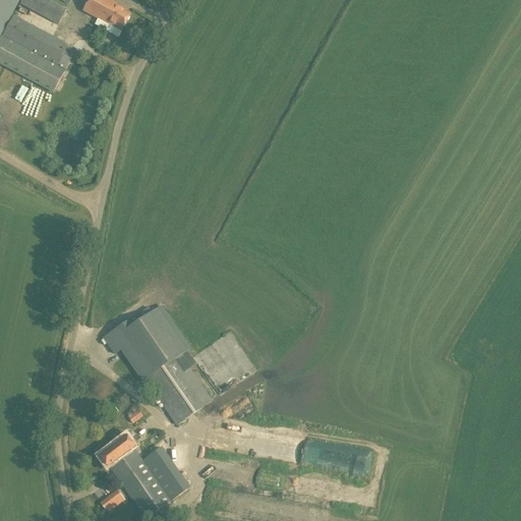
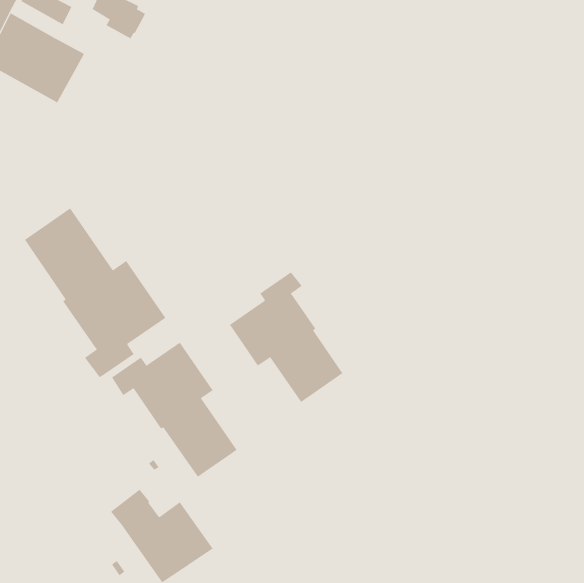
building: none -> [24,208,166,378]
building: none -> [229,271,343,403]

